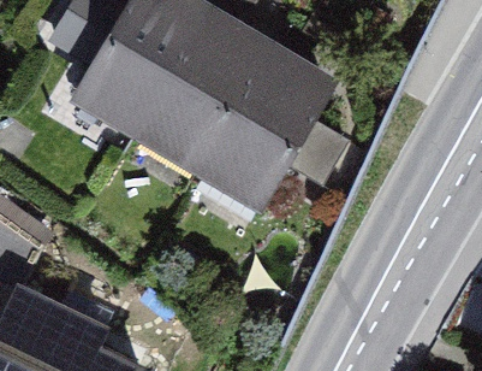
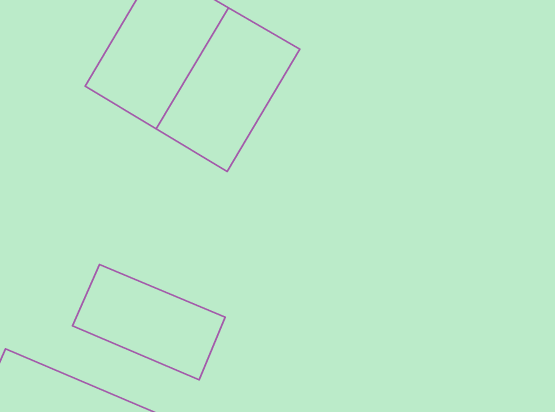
building: [201,54,323,194] -> none
building: none -> [72,264,225,380]

